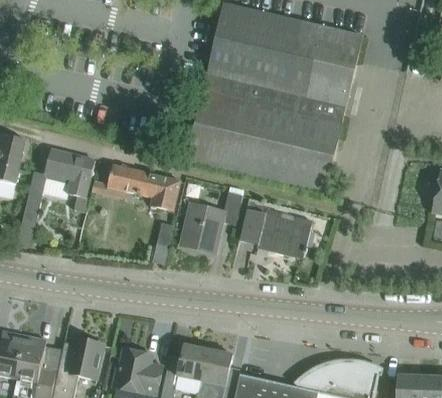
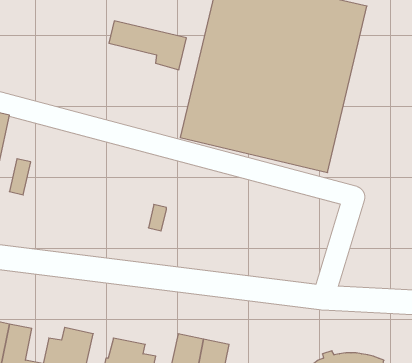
building: [44,149,95,212] -> none
building: [107,164,180,210] -> [109,21,186,70]
building: [180,192,242,252] -> none
building: [239,196,312,258] -> none

